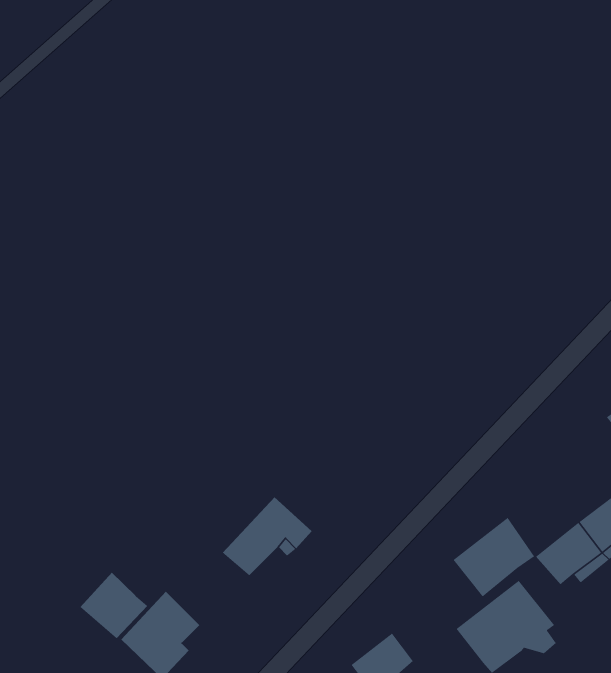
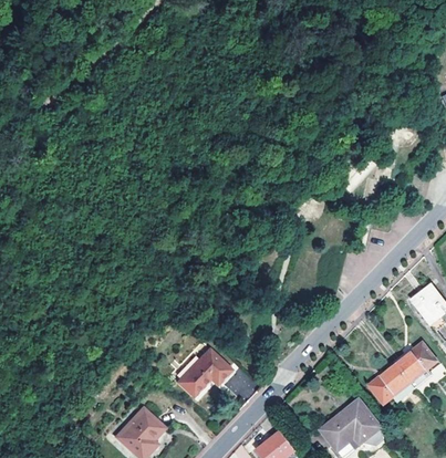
building: [452,517,535,597] -> none
building: [80,572,148,639] -> none

